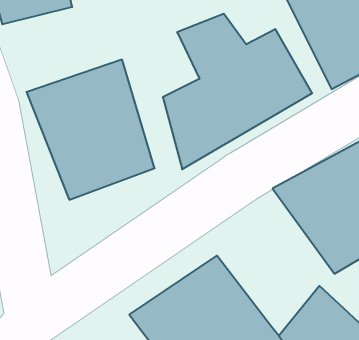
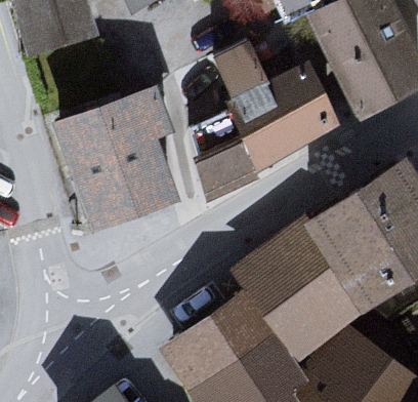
building: none -> [229,222,363,360]

